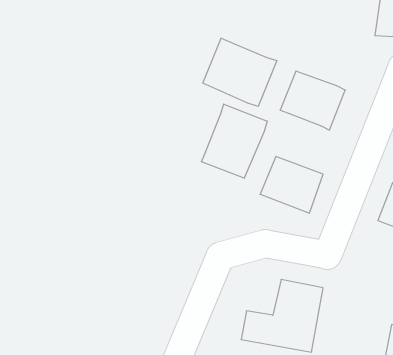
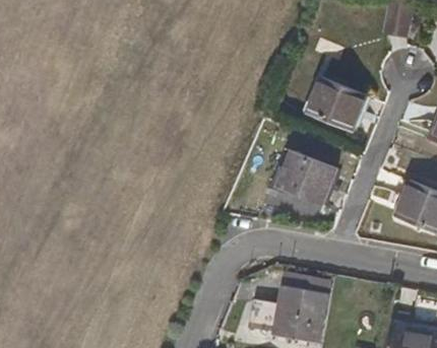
building: [203,38,277,106] -> none
building: [202,104,267,178] -> none

